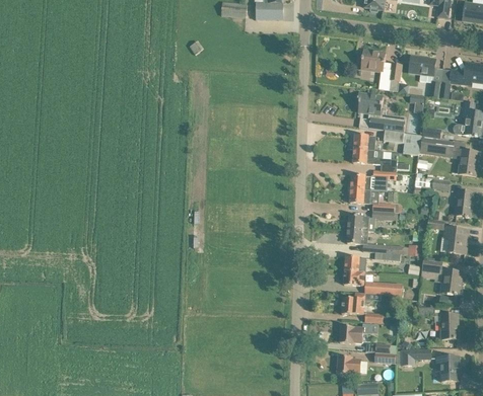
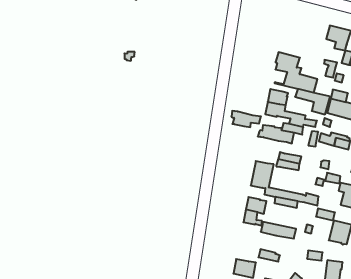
building: [360,51,401,92] -> none
building: [347,188,380,204] -> [231,111,261,127]
building: [341,293,364,315] -> none

